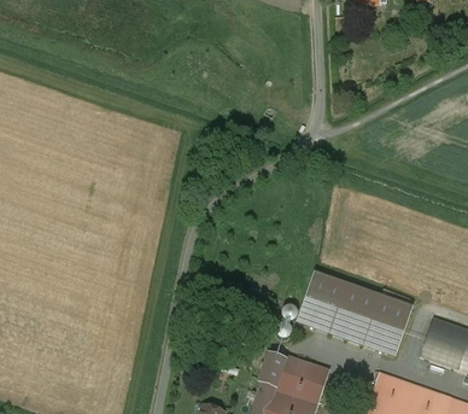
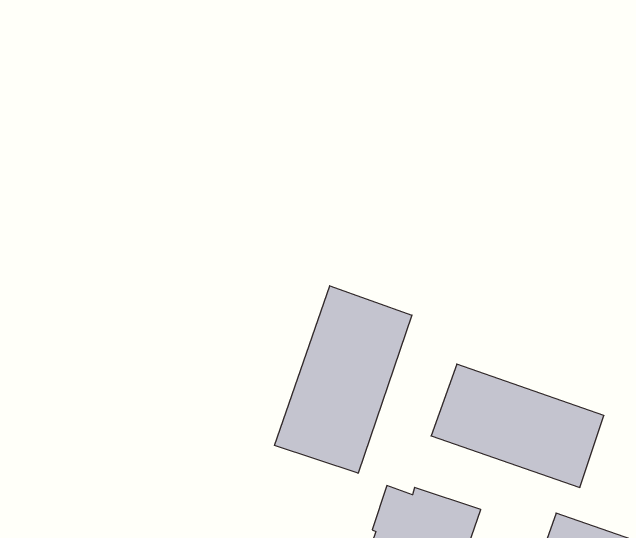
building: none -> [275,286,412,473]

